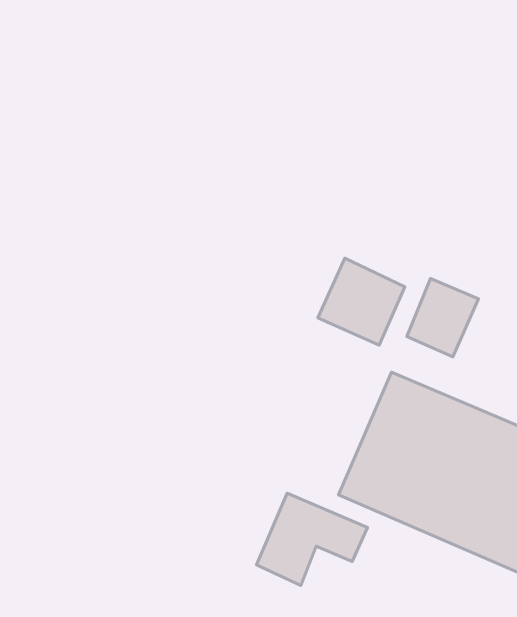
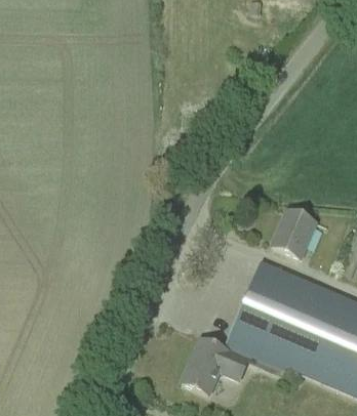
building: [318,258,405,345] -> none

